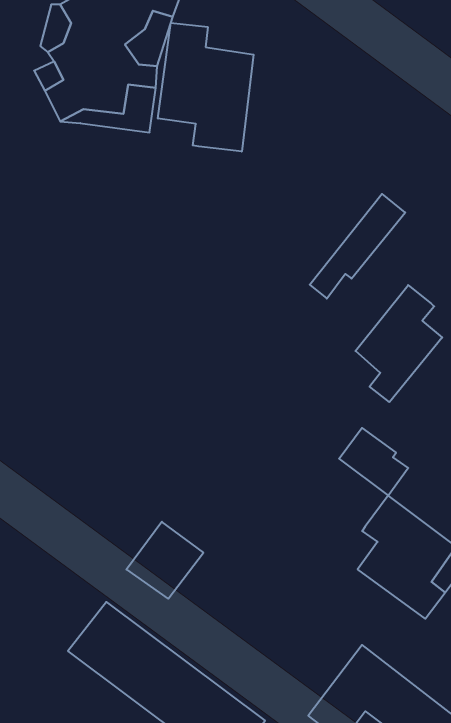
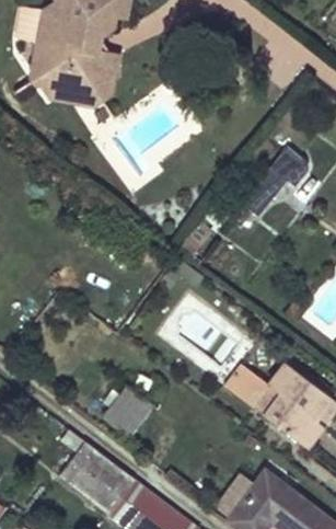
building: [158,23,254,152] -> none
building: [355,285,442,402] -> none
building: [339,428,408,496] -> [227,368,276,416]

